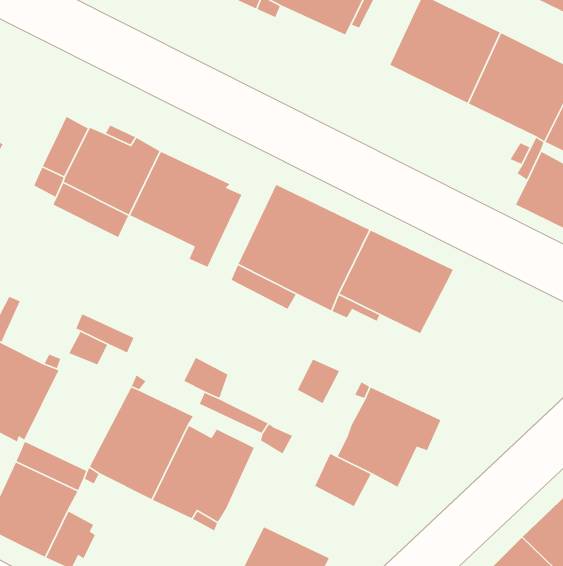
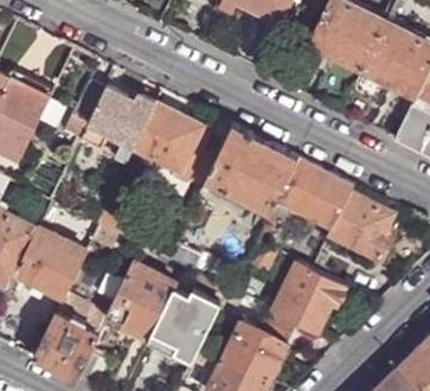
building: none -> [328,193,396,259]
building: none -> [225,322,287,379]

